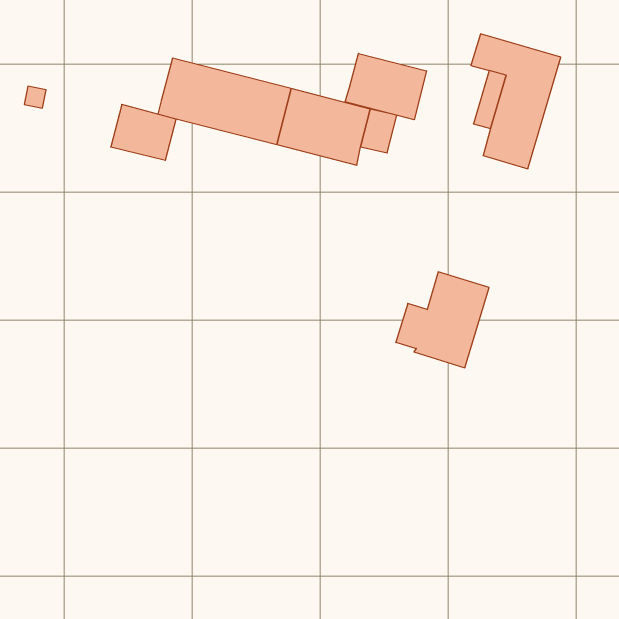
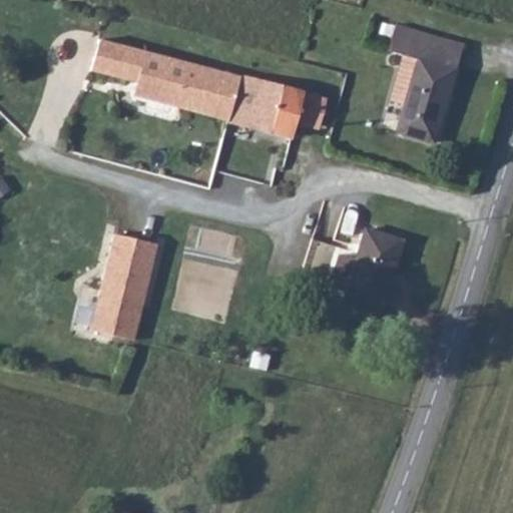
building: [345,53,427,120] -> none
building: [111,104,176,160] -> [89,37,143,83]
building: none -> [91,233,157,339]

